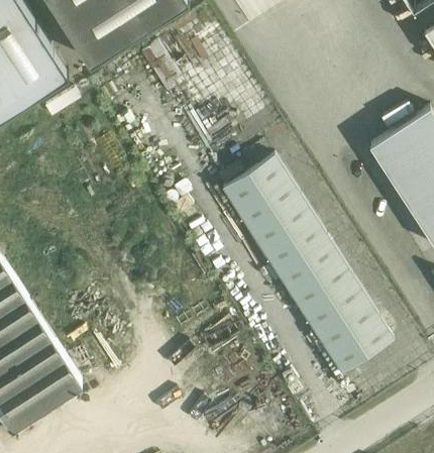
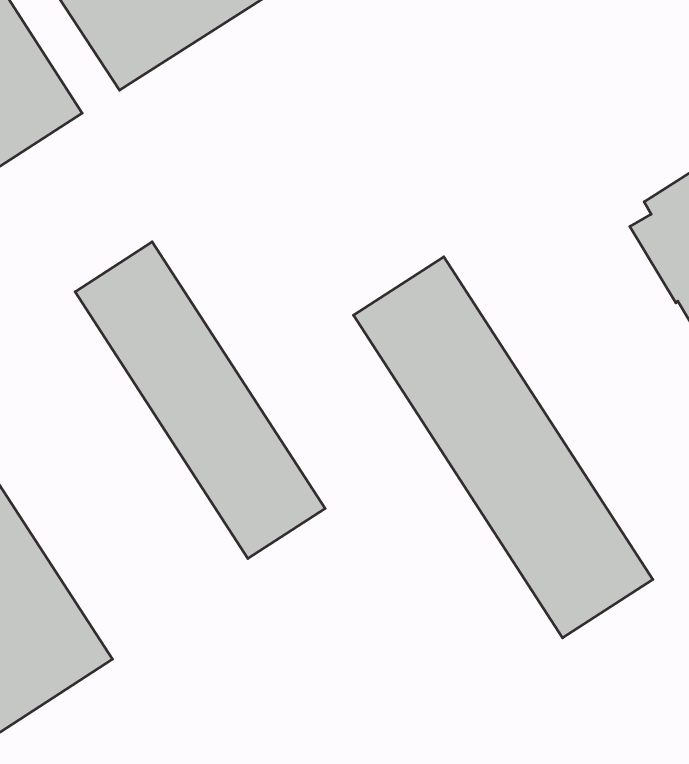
building: none -> [75,242,325,559]

